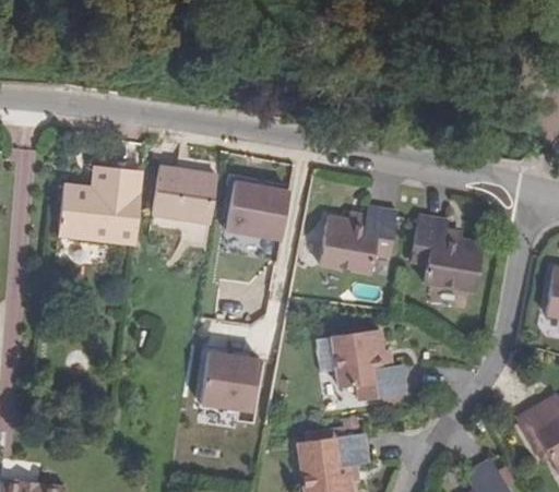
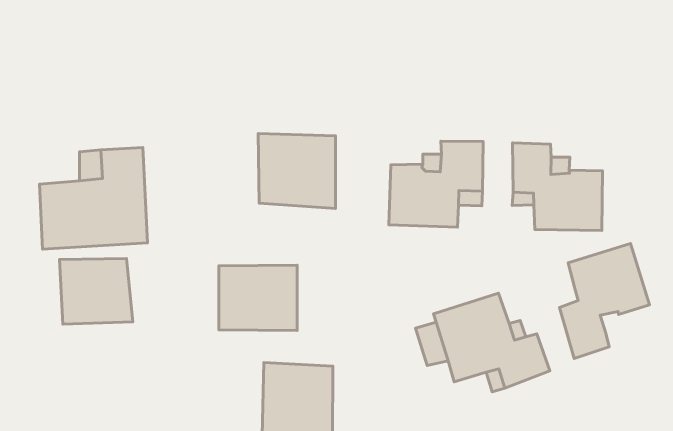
building: [152,168,218,226] -> [219,265,297,331]
building: none -> [59,258,133,324]
building: none -> [559,243,650,358]

